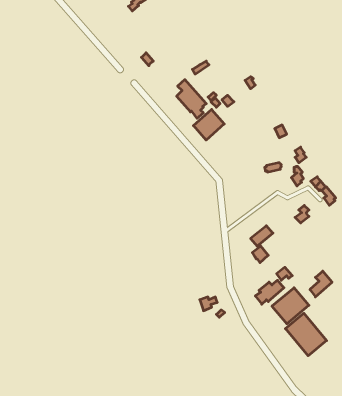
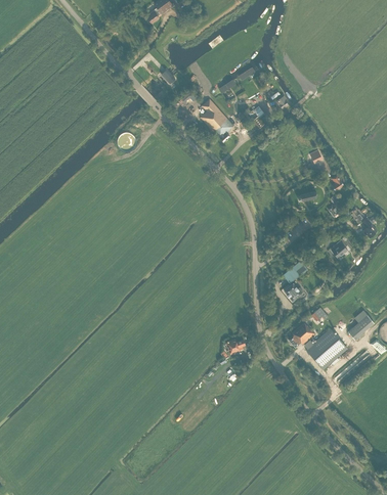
building: [193,109,224,140] -> none
building: [285,313,327,356] -> none

